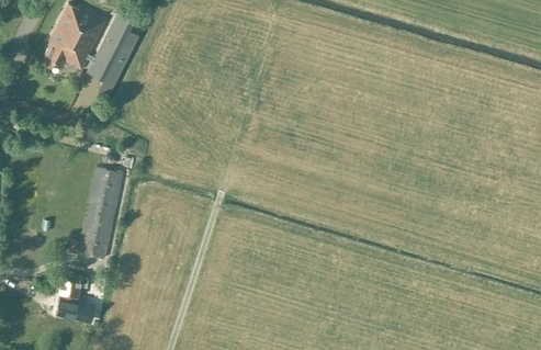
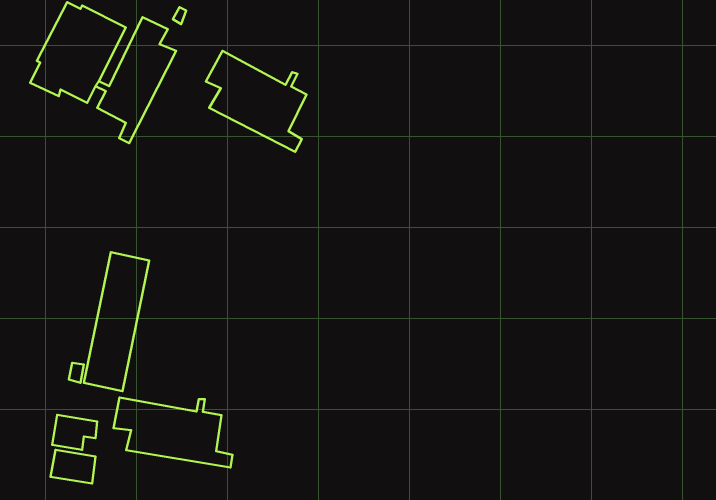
building: none -> [206,51,307,152]
building: none -> [114,397,233,467]

